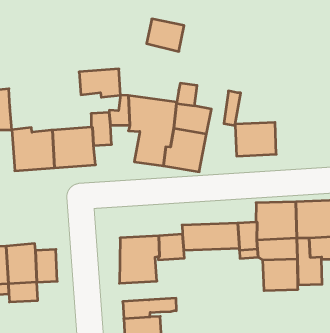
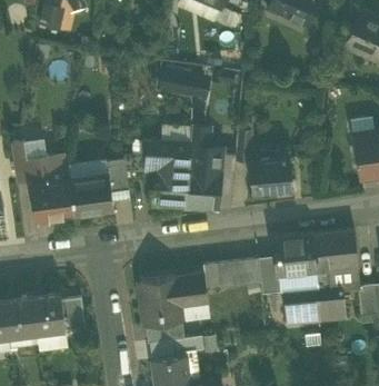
building: [79,69,121,97] -> [27,156,69,185]
building: none -> [146,323,184,345]

